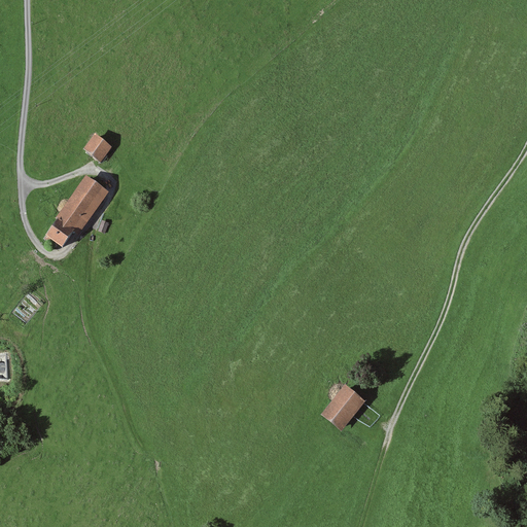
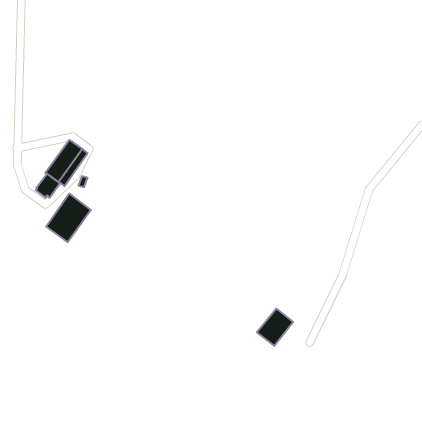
building: [83,133,113,162] -> none
building: none -> [46,194,91,242]

